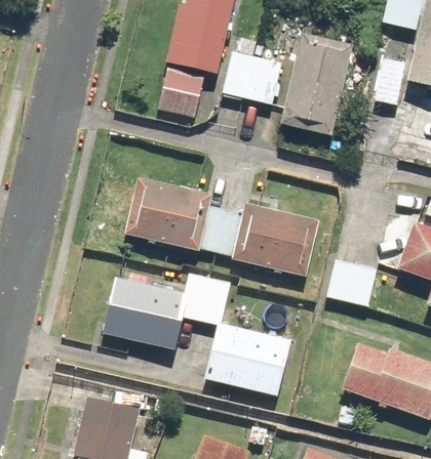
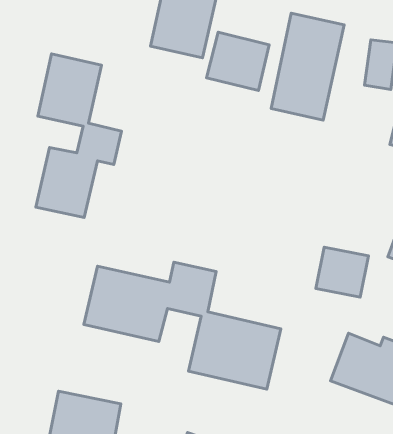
building: [158,69,204,119] -> none
building: none -> [36,54,121,218]
building: [122,177,319,275] -> none

